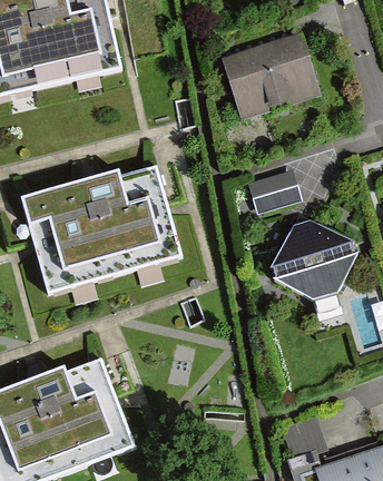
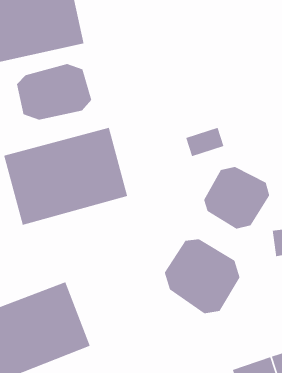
building: [223,35,316,116] -> none
building: none -> [16,63,92,121]
building: none -> [164,238,240,314]

